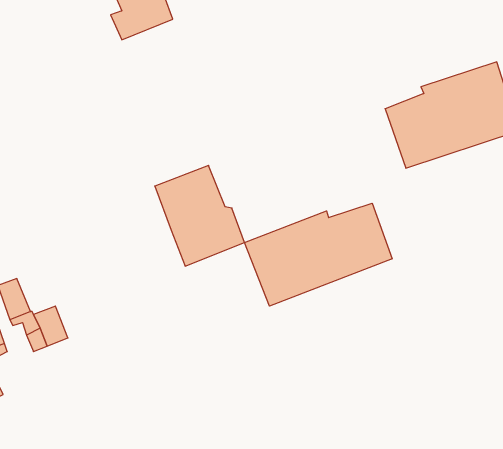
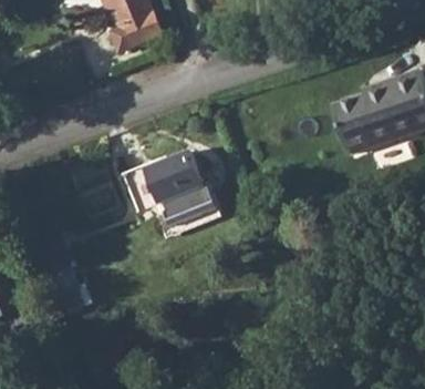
building: none -> [121,164,158,213]
building: [244,203,392,306] -> none

